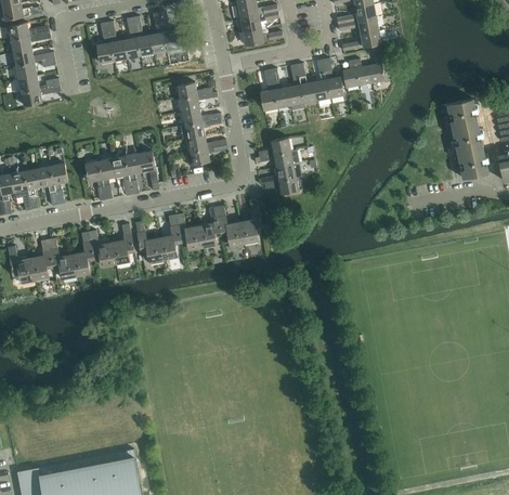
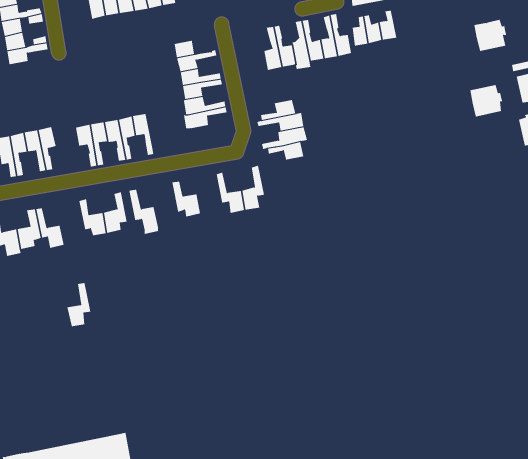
building: [446,99,478,129] -> [474,19,507,52]
building: [457,148,488,179] -> none
building: [198,207,221,244] -> none
building: [158,214,180,257] -> none
building: [70,232,93,273] -> [67,283,91,327]

